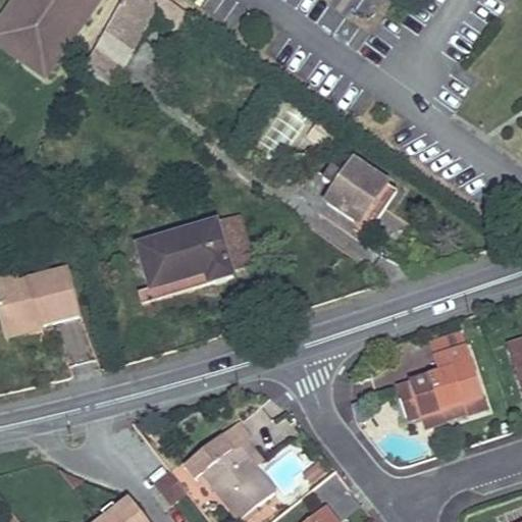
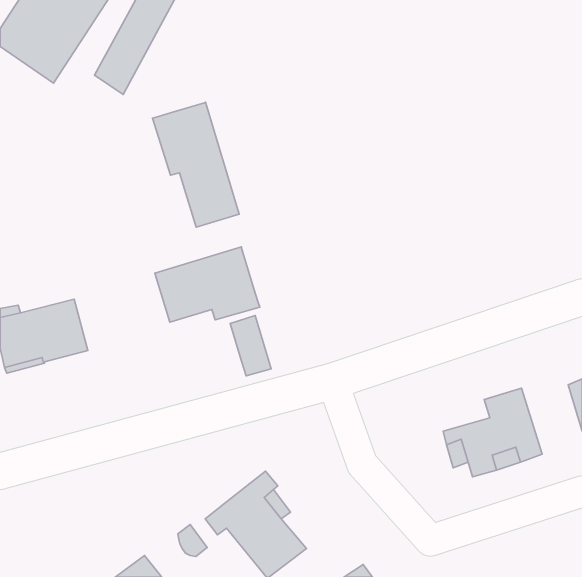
building: none -> [152,102,239,227]
building: [323,155,398,222] -> none
building: [216,215,253,269] -> [230,315,271,376]

